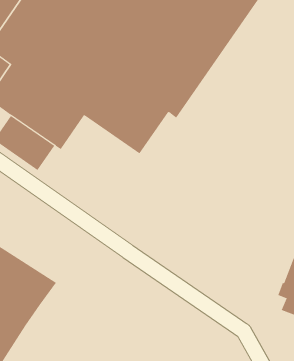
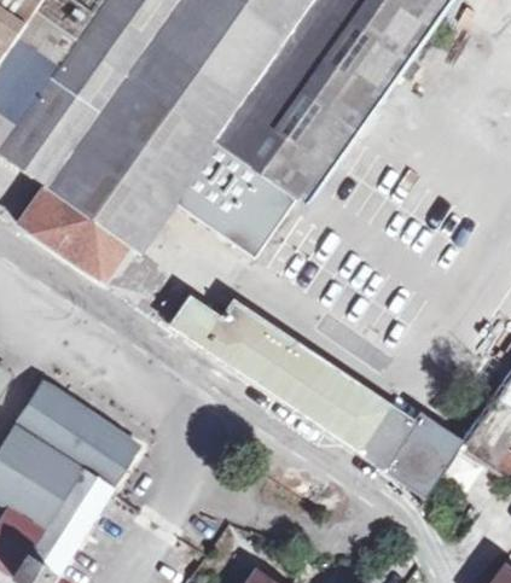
building: none -> [164,292,461,496]

